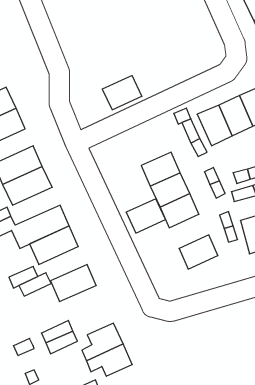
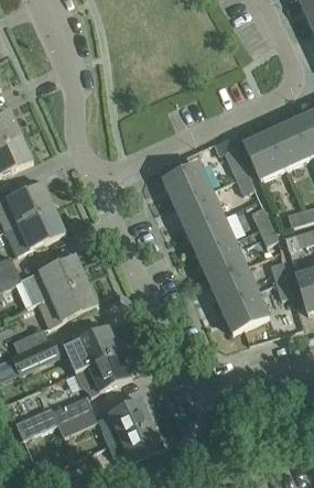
building: [102,76,142,110] -> [162,163,210,205]
building: [126,199,166,233] -> [208,264,257,306]
building: none -> [74,351,130,394]

